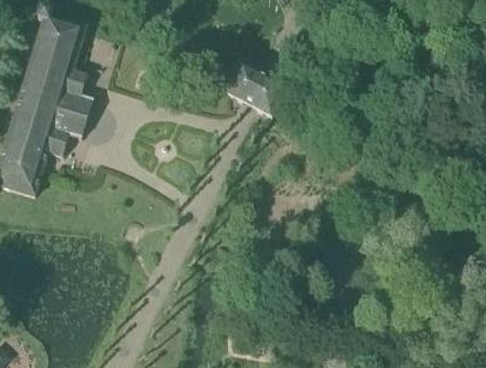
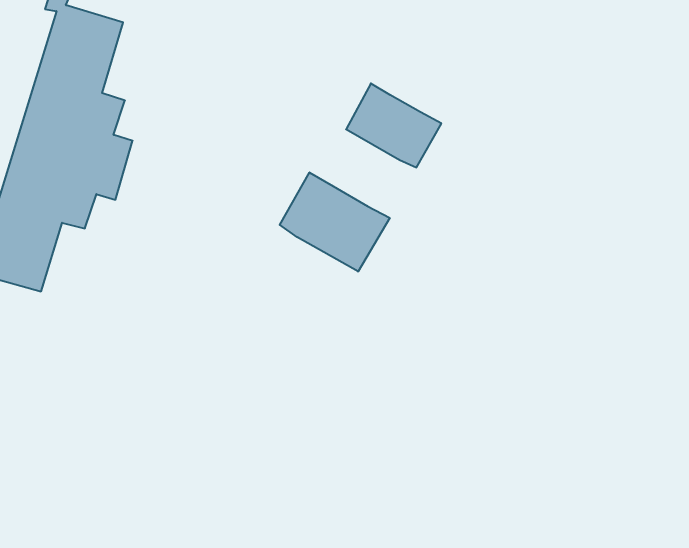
building: none -> [280,172,390,272]

